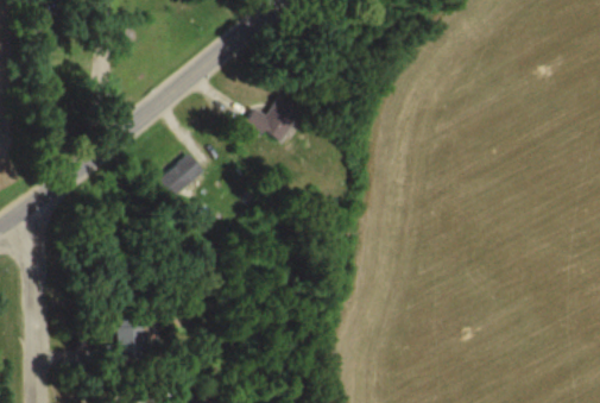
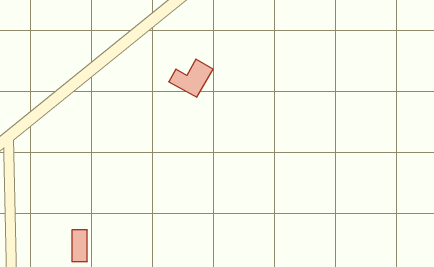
building: [158,152,206,196] -> none

